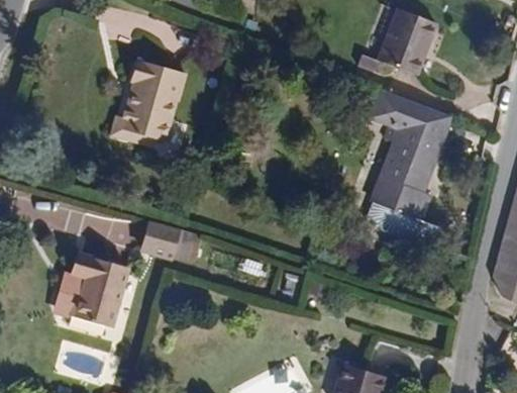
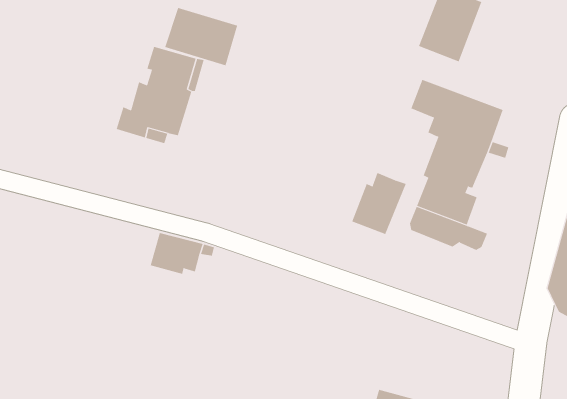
building: none -> [165,7,238,66]
building: none -> [352,172,406,235]
building: [67,254,129,328] -> none

